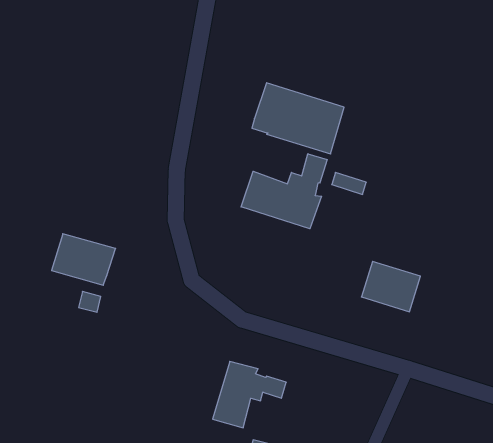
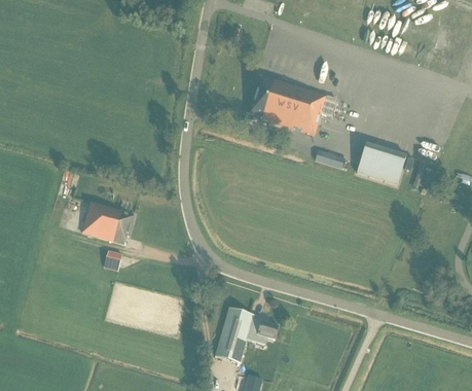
building: [241,154,327,229] -> none
building: [361,261,420,312] -> [356,143,405,185]

